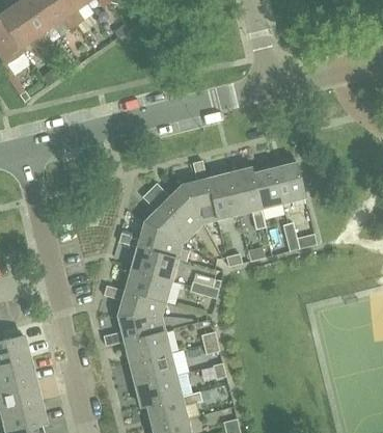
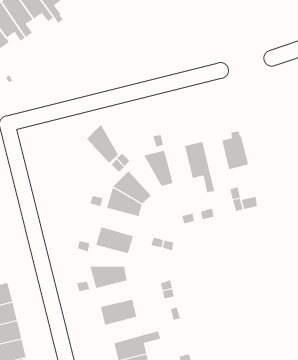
building: [252,168,281,208] -> none
building: [207,174,239,218] -> none
building: [164,186,202,233] -> [86,124,119,164]
building: [132,247,176,280] -> none
building: [118,291,164,316] -> none
building: [126,332,169,363] -> none
building: [136,375,180,407] -> none

